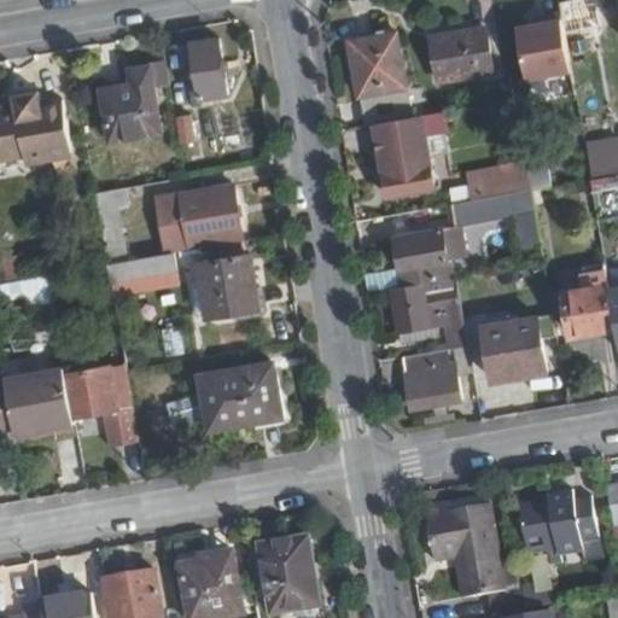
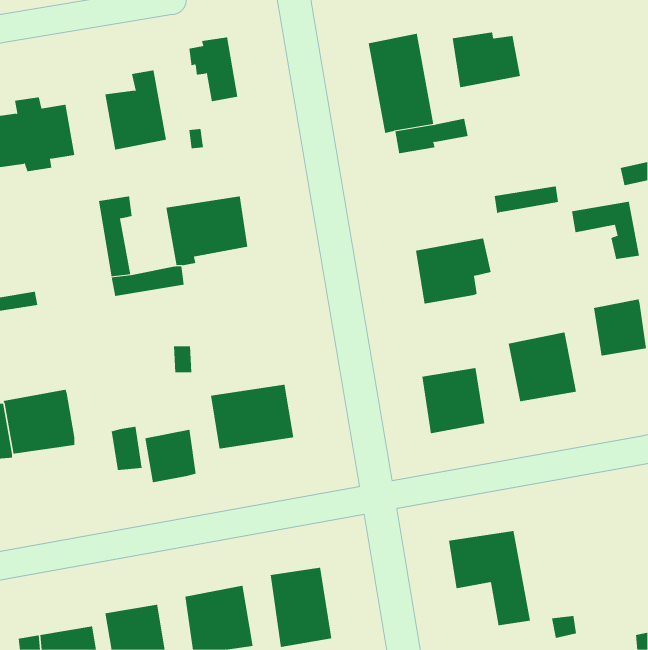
building: [515,11,570,78] -> none
building: [378,140,433,200] -> none
building: [474,192,540,247] -> [571,201,640,260]
building: [196,252,256,316] -> none
building: [389,280,454,338] -> none
building: [64,365,113,415] -> [144,429,197,483]
building: [521,490,596,559] -> none

